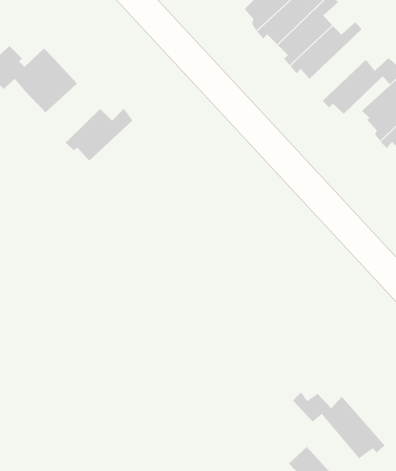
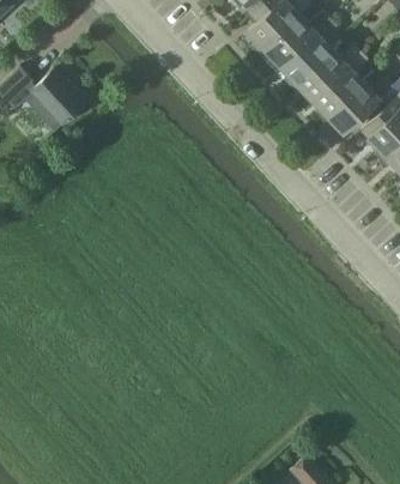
building: none -> [310,50,369,120]
building: [65,108,133,161] -> none
building: [292,391,385,459] -> none

